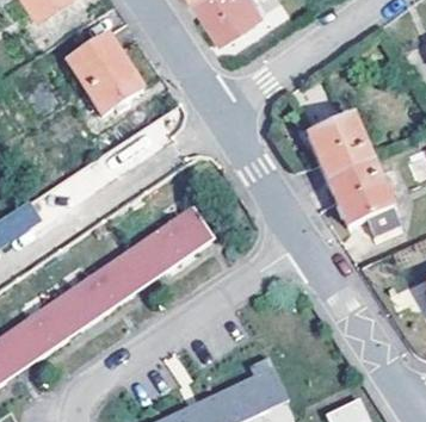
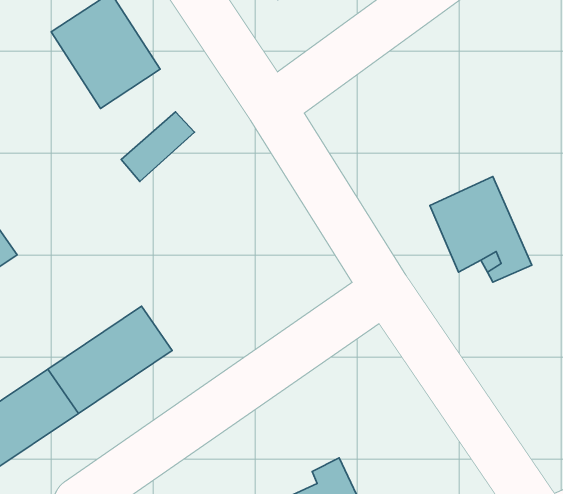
building: [309,114,373,180] -> none
building: [128,207,212,281] -> none

